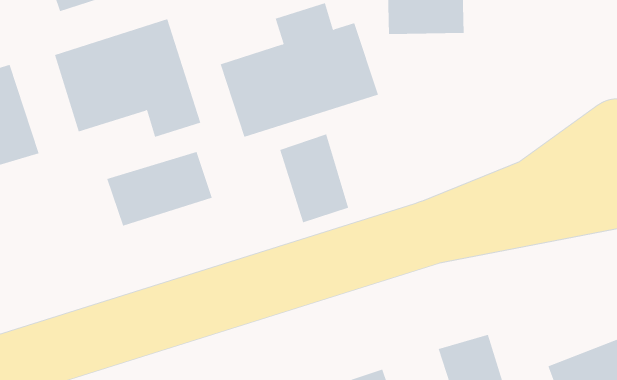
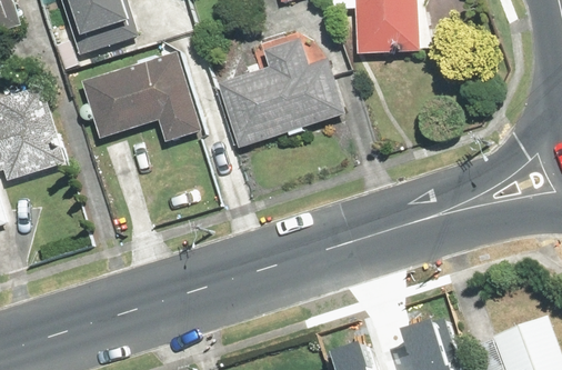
building: [280,134,349,223] -> none
building: [106,151,212,227] -> none

